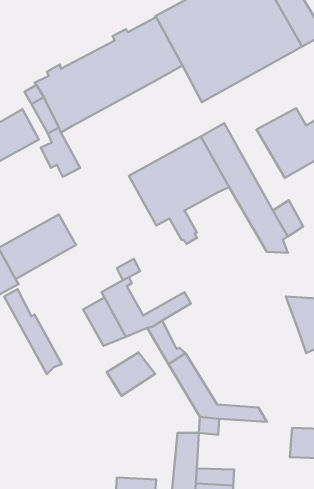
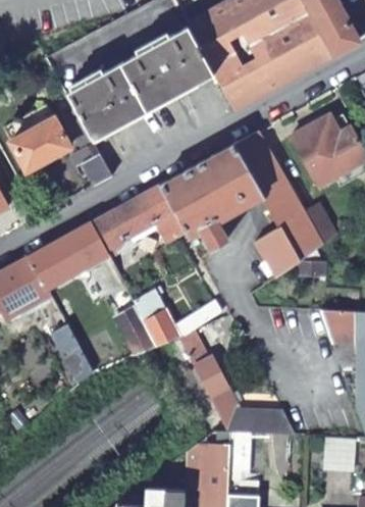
building: none -> [91,185,187,251]
building: none -> [243,230,300,296]
building: [107,353,155,396] -> none

